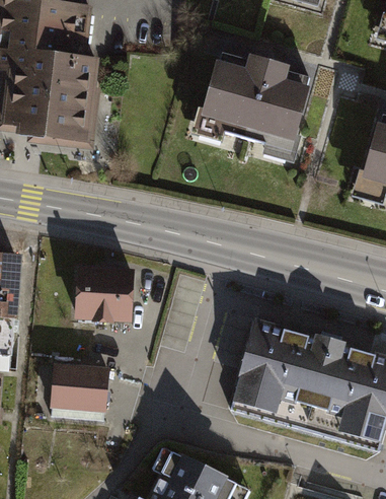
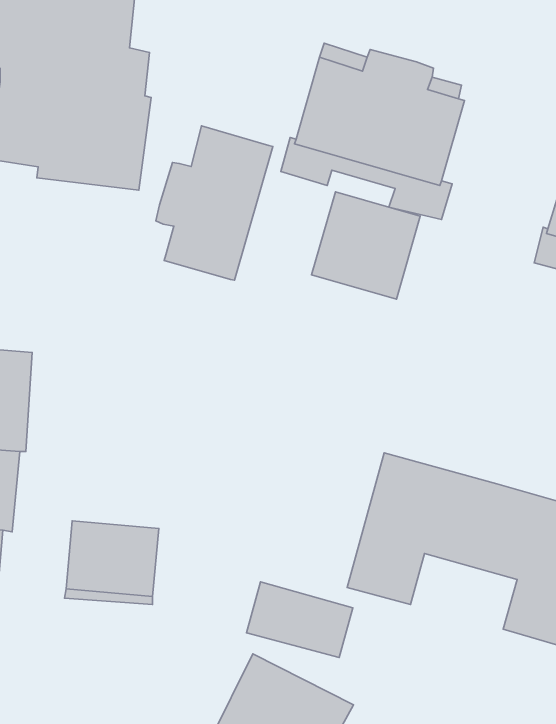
building: none -> [156,126,273,280]
building: none -> [312,192,420,299]
building: [72,265,130,323] -> none
building: [272,383,341,433] -> [246,582,353,657]

